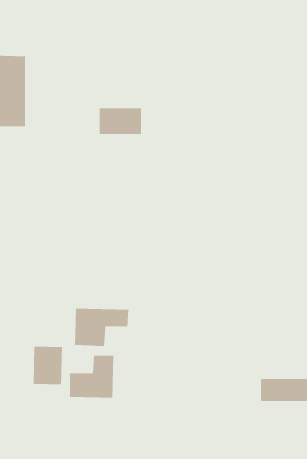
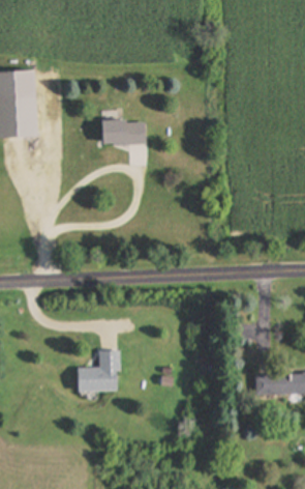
building: [74,308,129,347] -> none
building: [33,346,62,385] -> none

